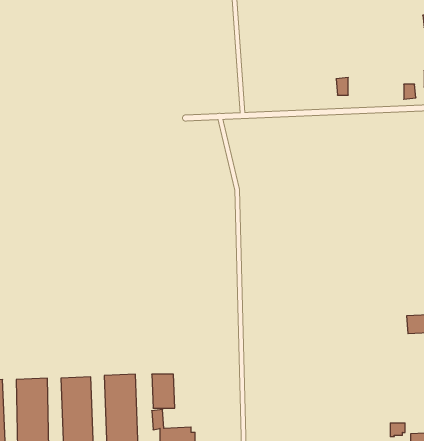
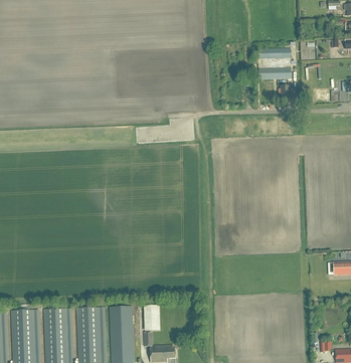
building: none -> [258,48,292,79]

